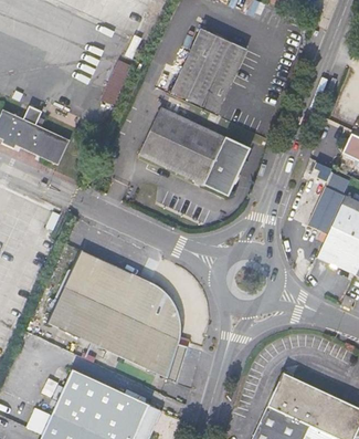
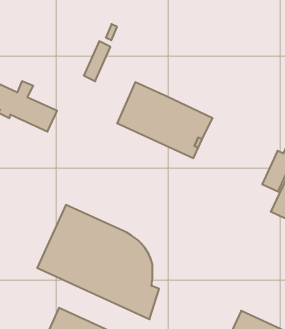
building: [171,29,246,113] -> none

